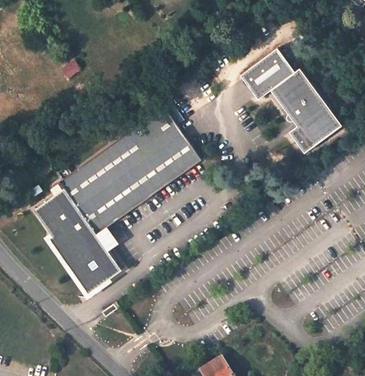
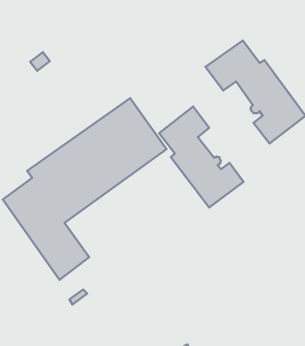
building: none -> [159,106,244,207]

